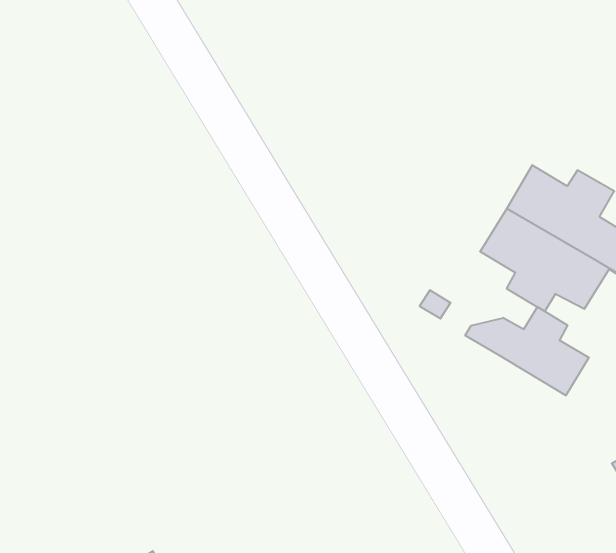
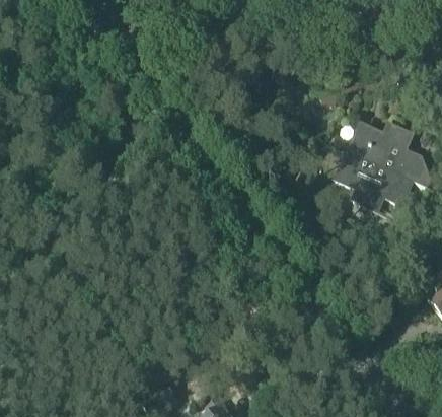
building: [465,307,589,396] -> none

